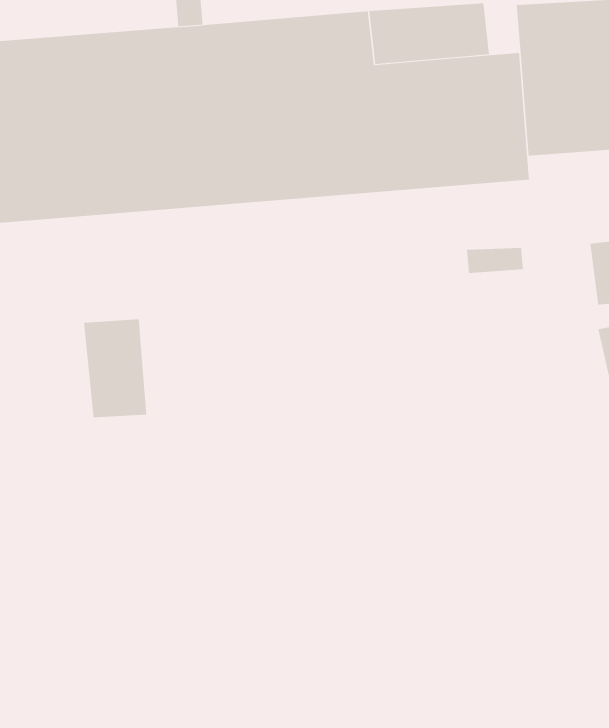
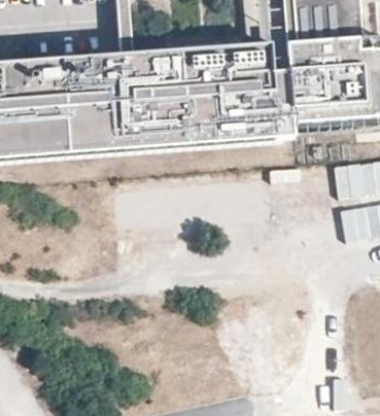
building: [83,319,147,418] -> none

